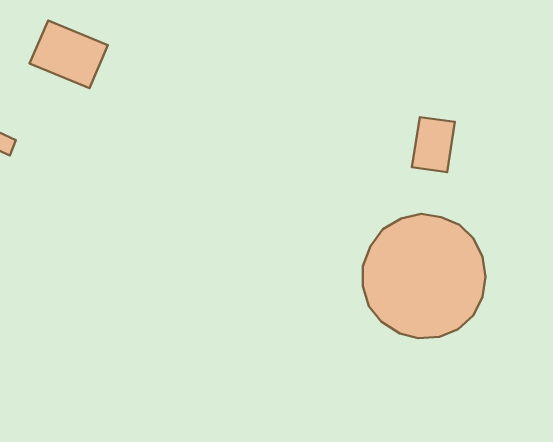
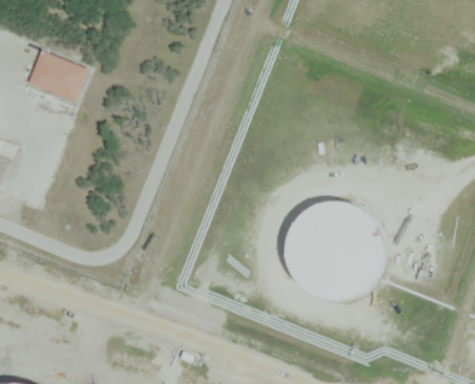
building: [412,117,455,172] -> none

